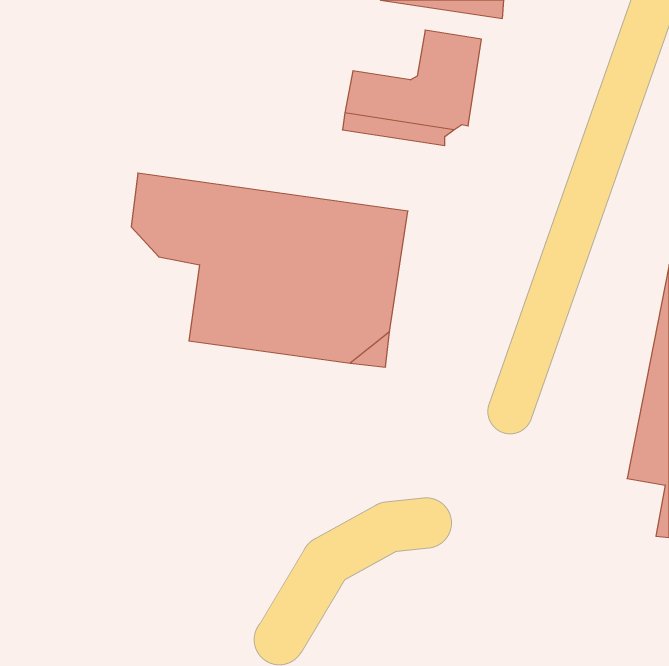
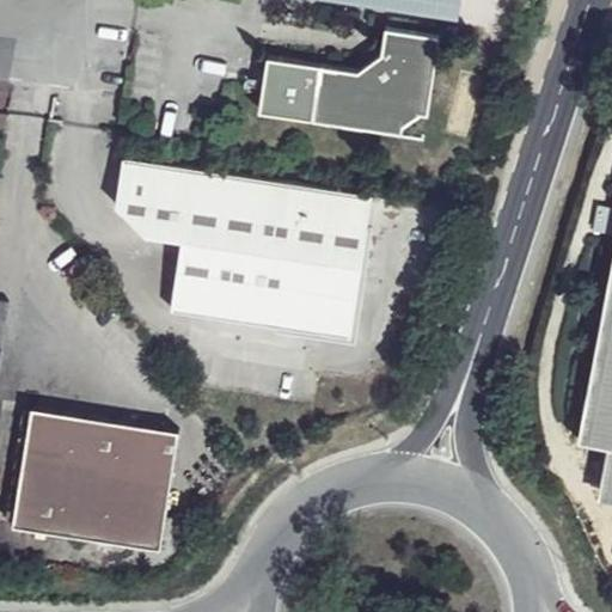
building: none -> [259,60,322,122]
building: none -> [14,409,179,547]

